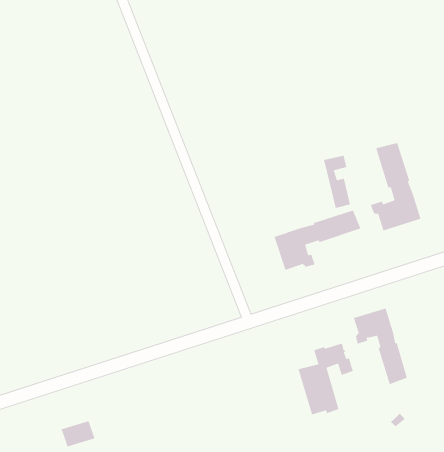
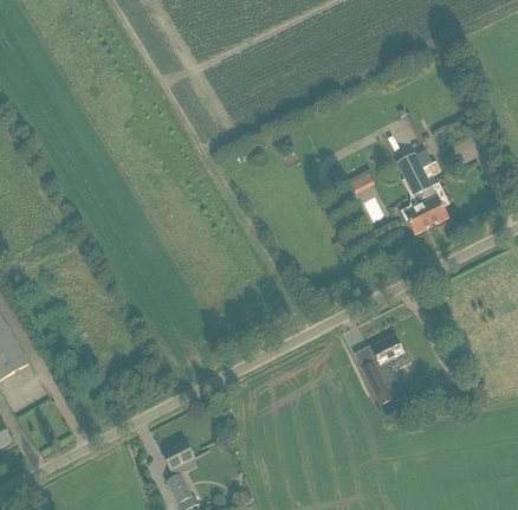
building: [274,209,361,271] -> none
building: [353,308,408,385] -> none

